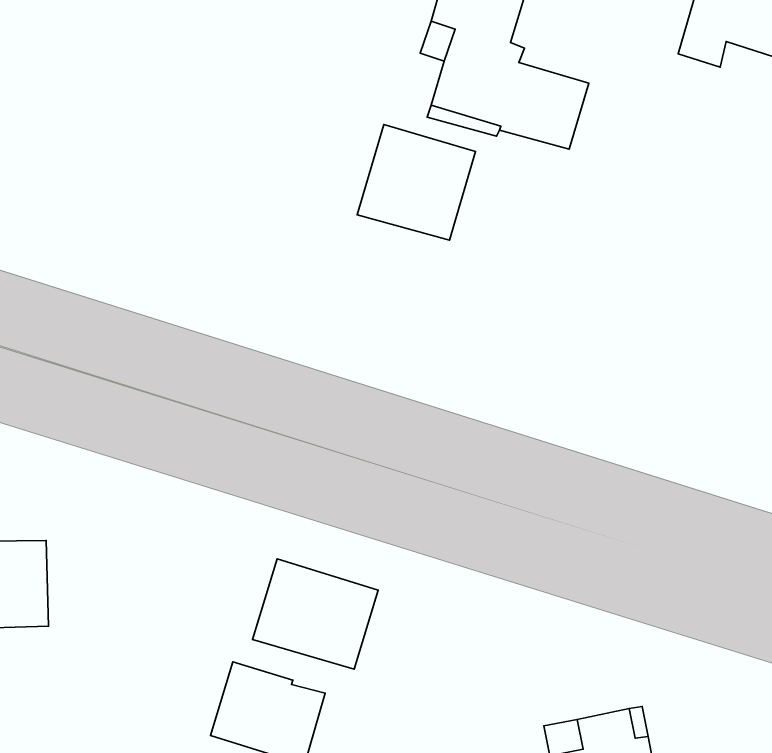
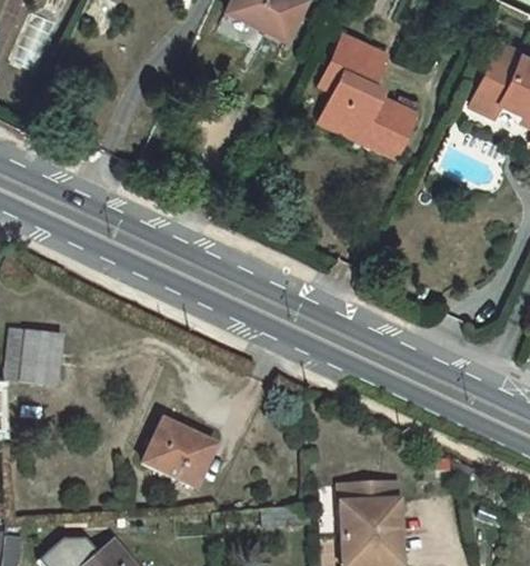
building: [357,125,475,240] -> none
building: [252,559,378,669] -> none

